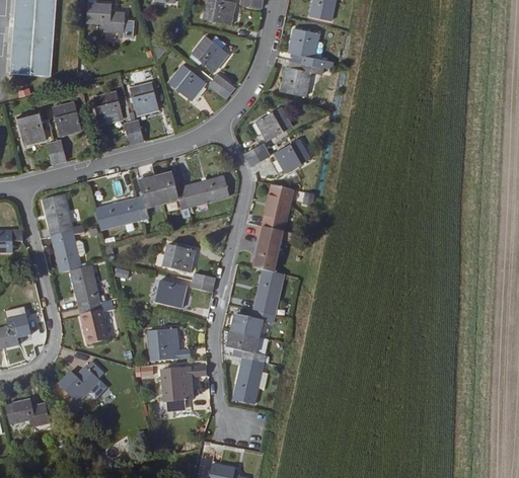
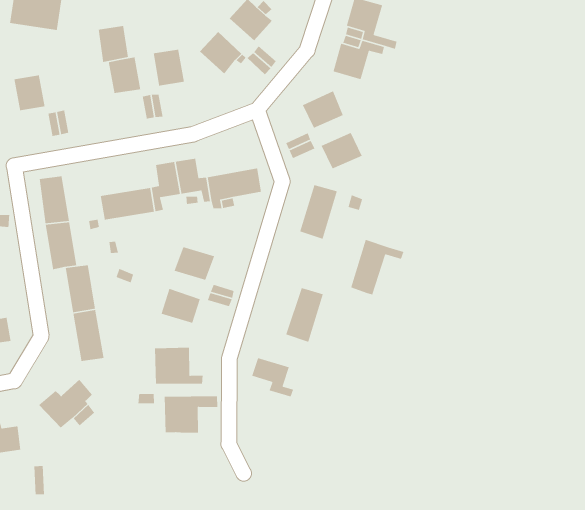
building: [53,101,80,134] -> [98,25,129,63]
building: [253,225,296,271] -> [350,239,405,296]
building: [236,311,278,337] -> none
building: [237,358,267,404] -> none

